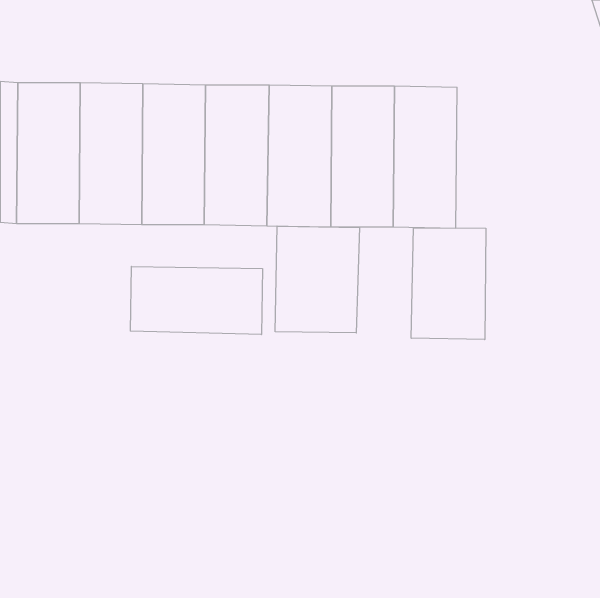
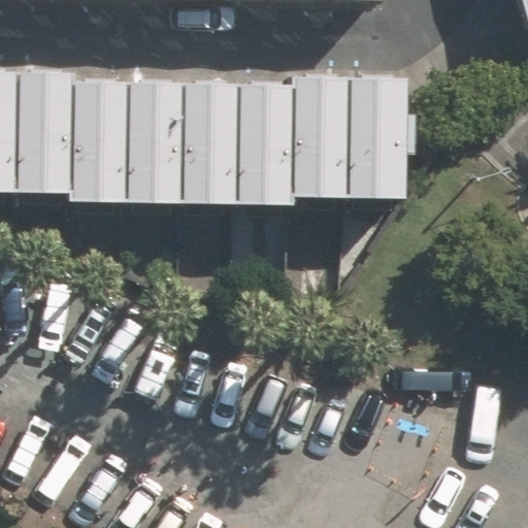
building: [275,226,360,333] -> none
building: [411,228,486,340] -> none
building: [130,266,262,335] -> none

